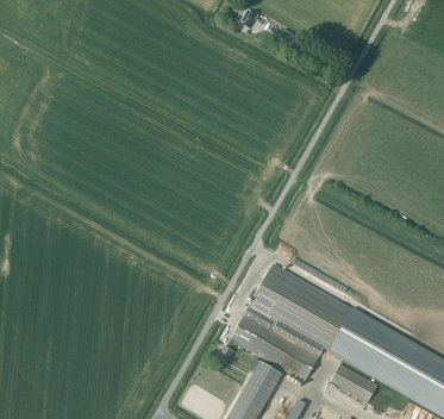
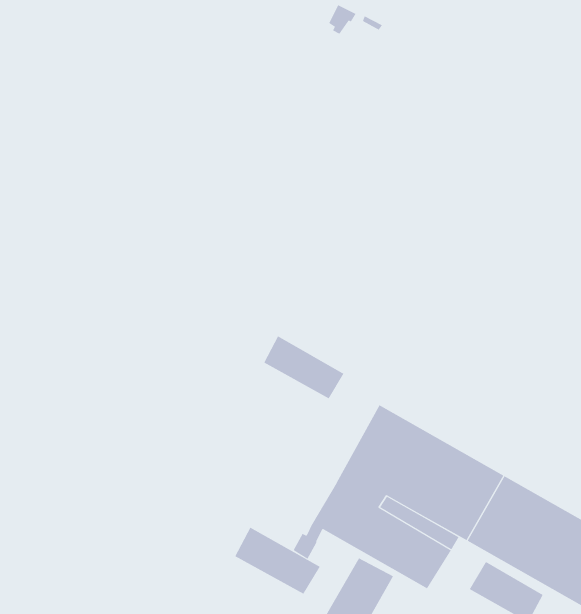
building: none -> [263,336,344,399]
building: none -> [235,527,320,595]

